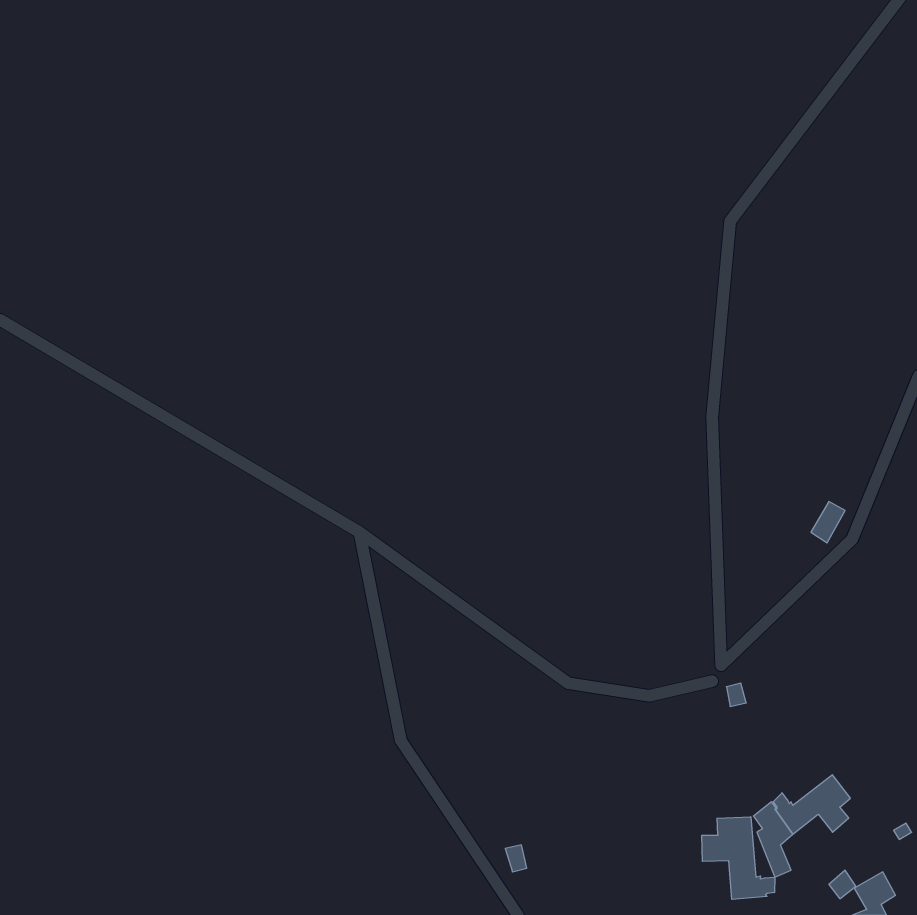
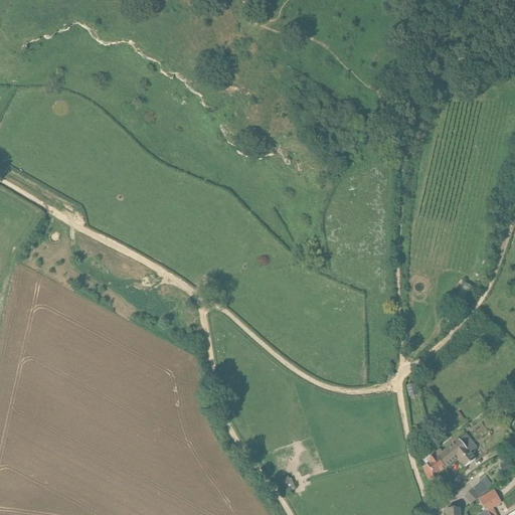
building: [702,817,775,899] -> none

